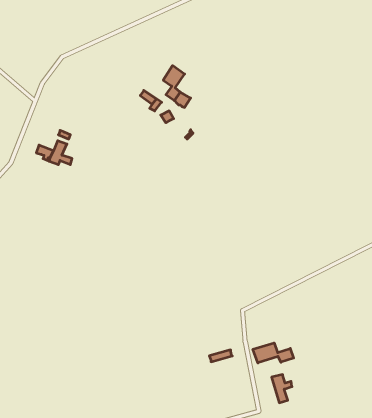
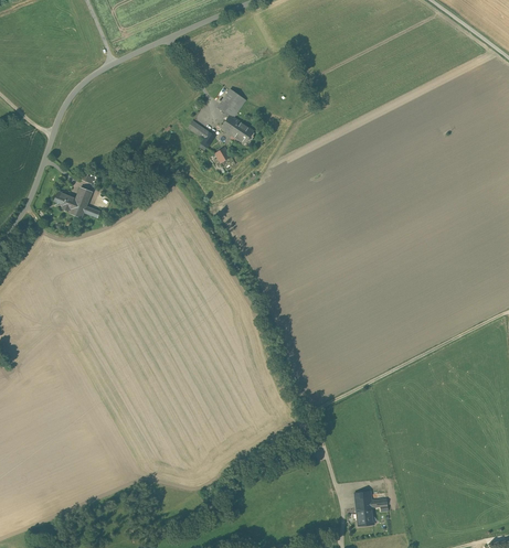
building: [253,343,294,363] -> none

